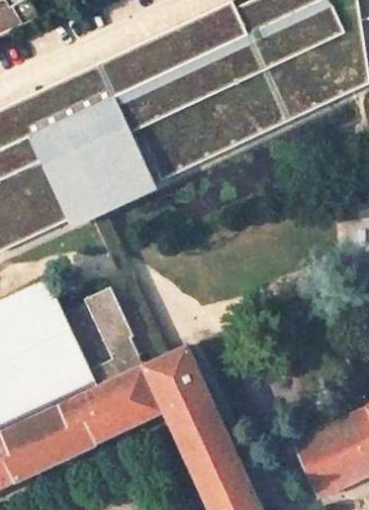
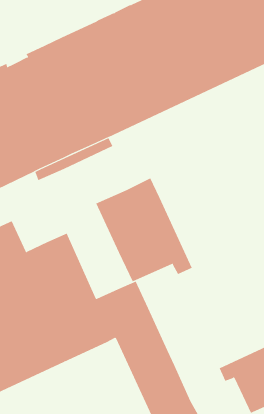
building: none -> [95,178,193,282]

